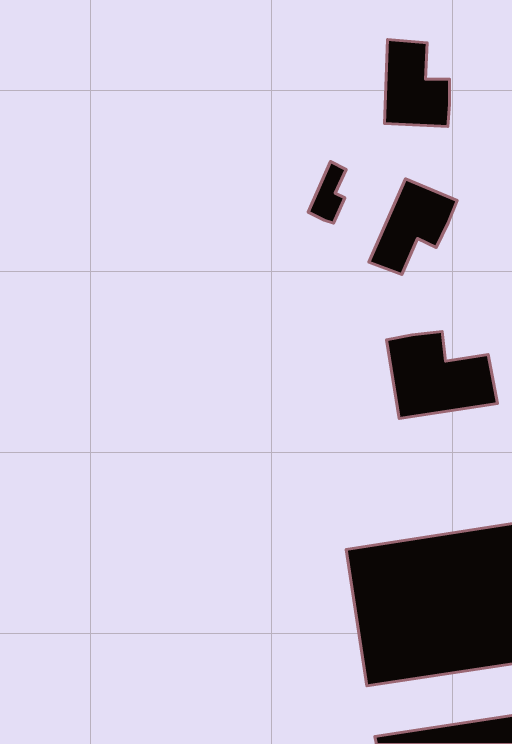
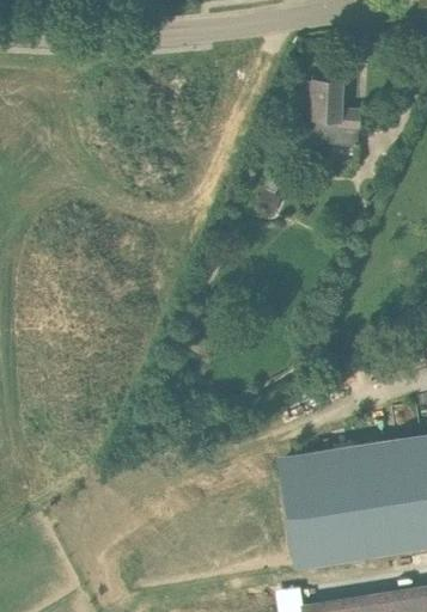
building: [369,179,457,274] -> none
building: [386,332,498,418] -> none

